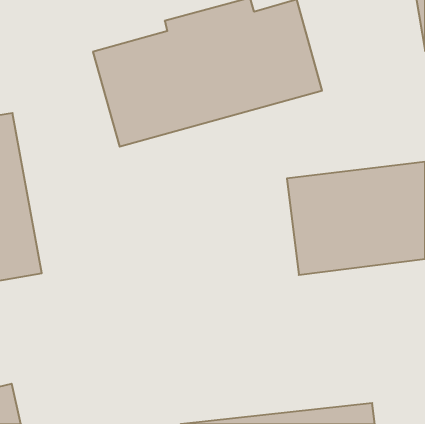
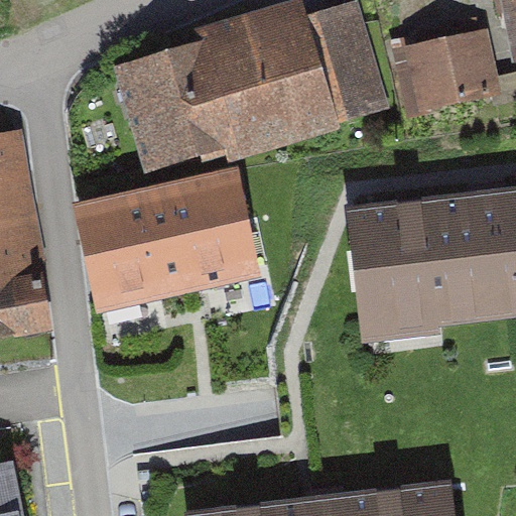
building: none -> [393,27,502,115]
building: none -> [77,165,269,317]

